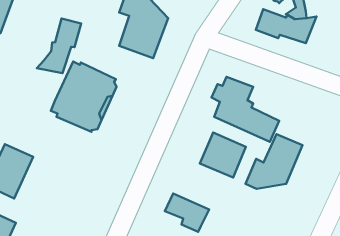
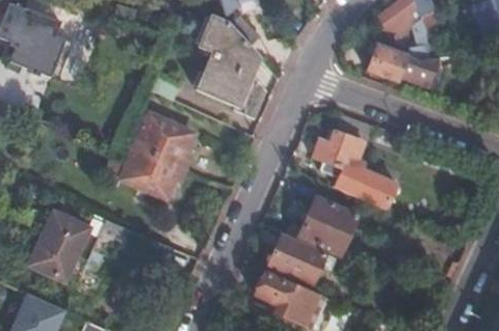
building: [37,19,81,73] -> none
building: [245,134,302,189] -> none
building: none -> [269,237,326,284]

